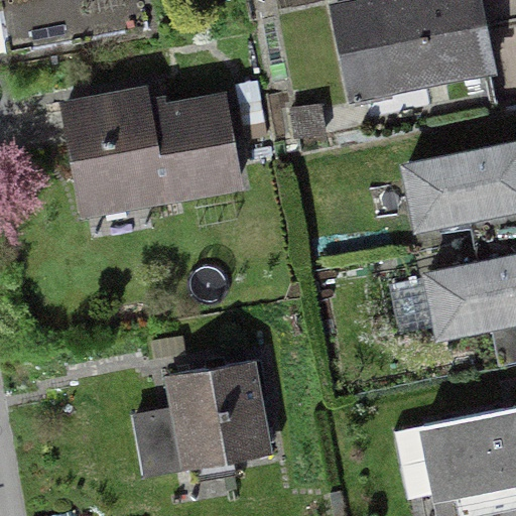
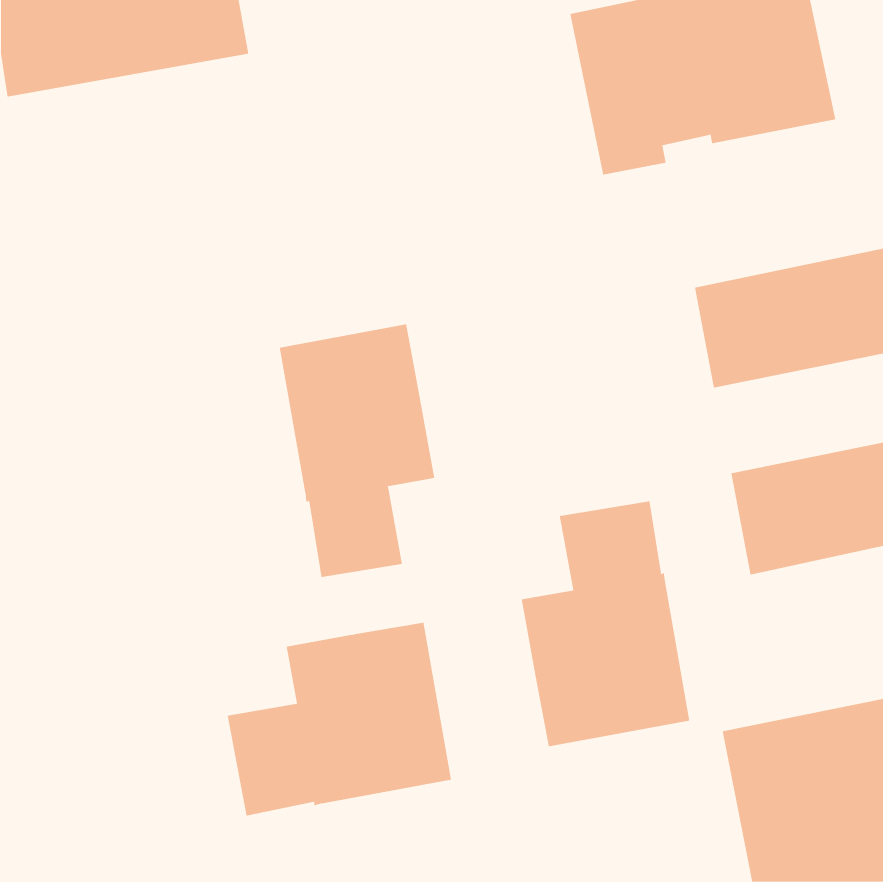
building: [62,93,236,212] -> none
building: none -> [279,324,435,578]
building: none -> [521,500,690,747]

